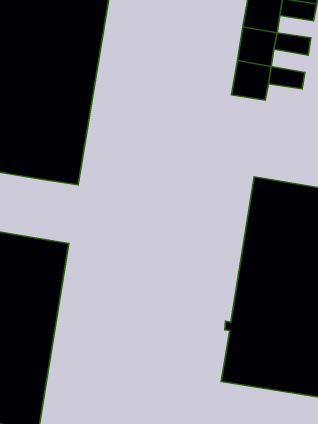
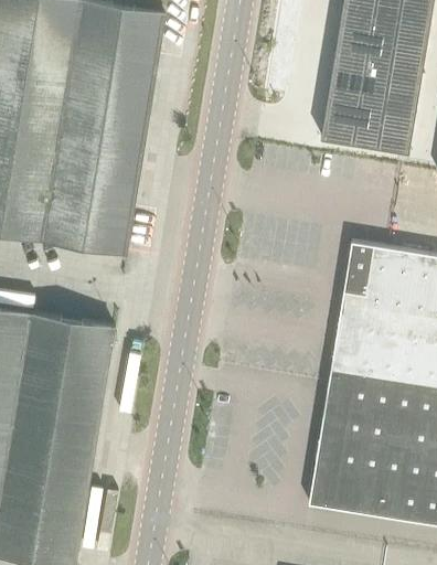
building: none -> [381,36,427,65]
building: none -> [373,79,420,109]
building: none -> [365,124,413,152]

